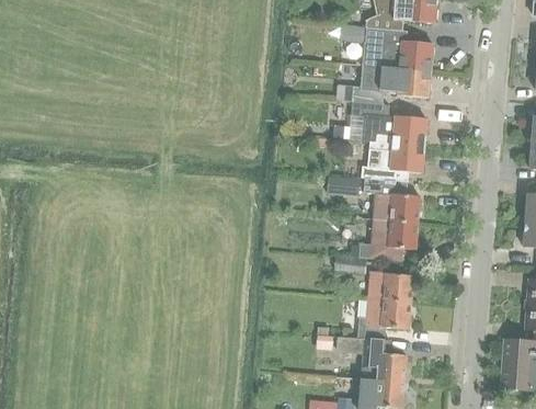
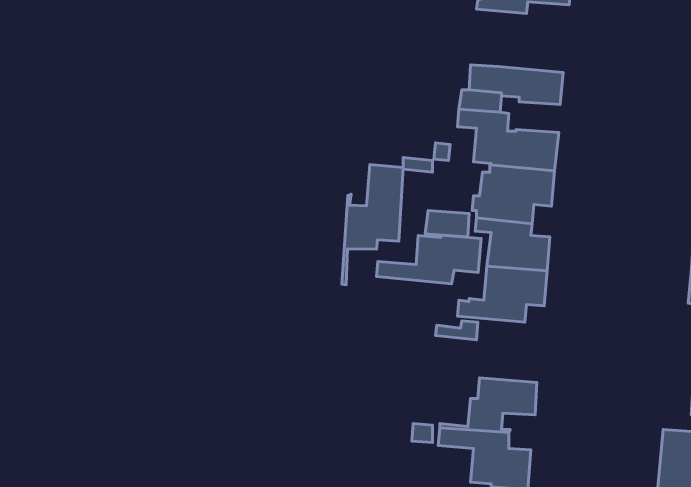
building: [365,26,433,72] -> none
building: none -> [342,165,403,285]
building: none -> [376,235,481,284]
building: [367,270,413,304] -> none

